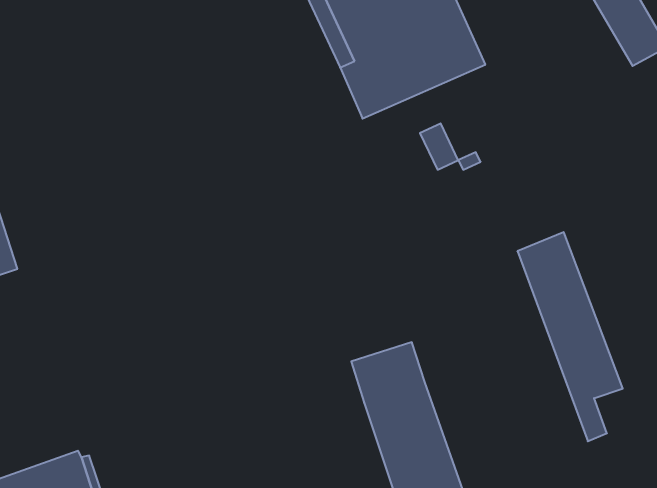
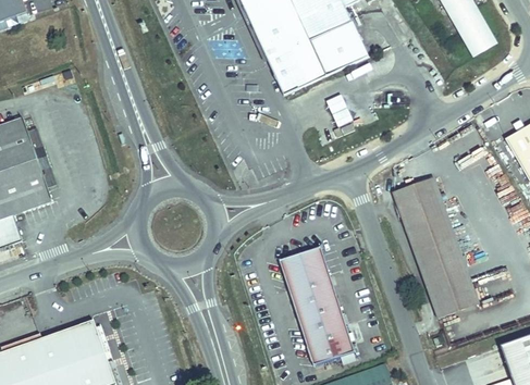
building: none -> [443,277,471,308]

